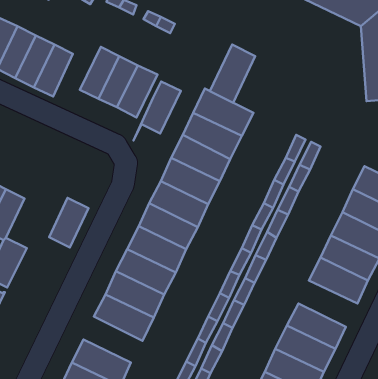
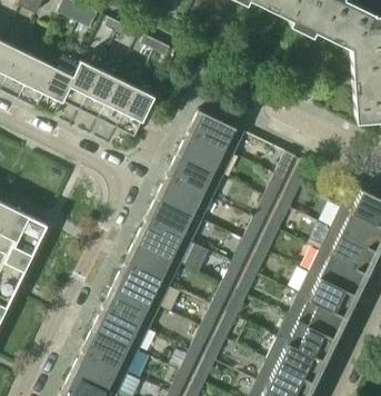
building: [210,45,255,103] -> none
building: [134,81,181,140] -> [53,59,99,116]
building: [49,198,88,248] -> [8,214,46,261]
building: none -> [289,293,345,337]
building: none -> [82,327,139,372]

